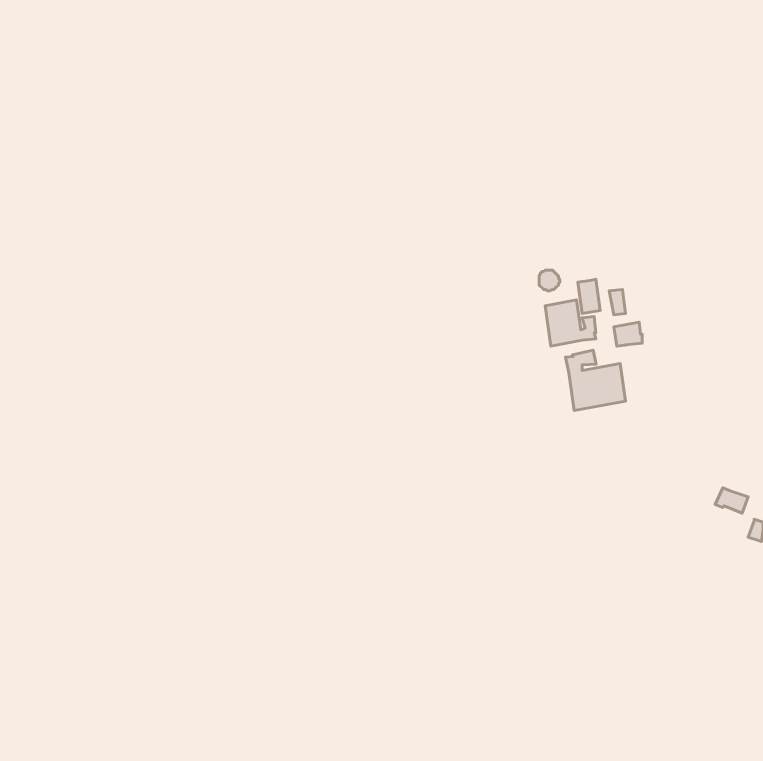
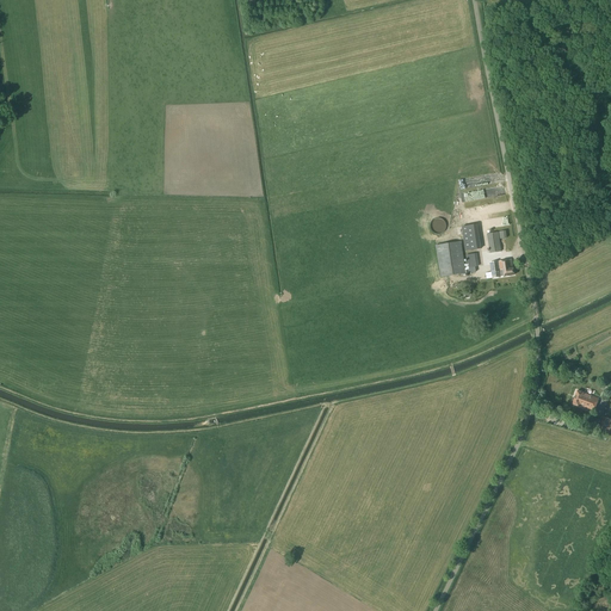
building: [565,350,625,411] -> none

